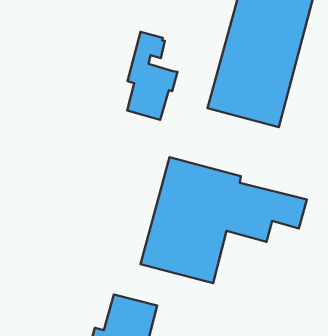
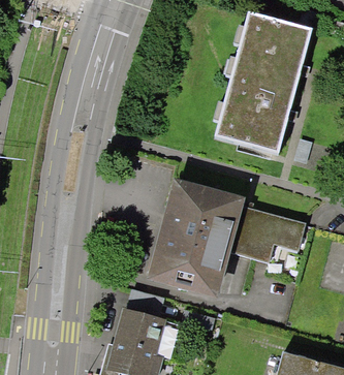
building: [127,32,178,120] -> none

